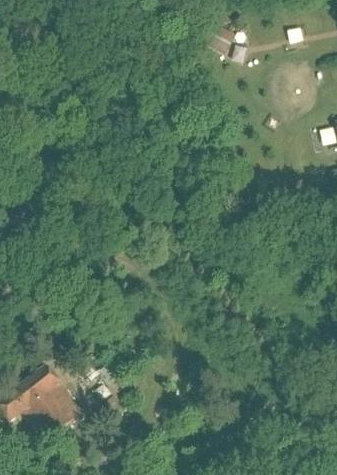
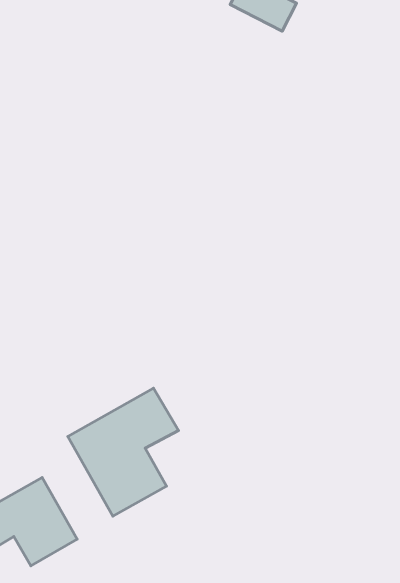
building: none -> [68,388,179,516]

